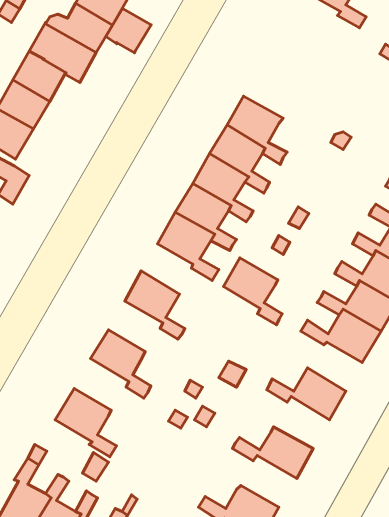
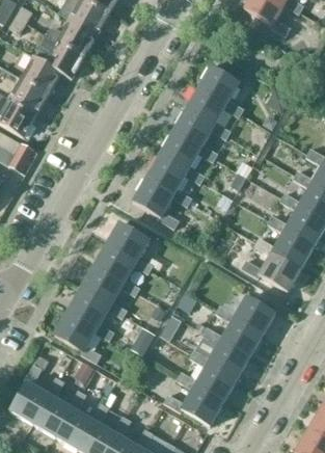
building: [106,8,151,53] -> none
building: none -> [196,68,242,118]
building: [223,258,282,325] -> [93,245,138,296]
building: none -> [67,289,113,341]
building: none -> [200,318,262,357]
building: none -> [175,363,237,402]

